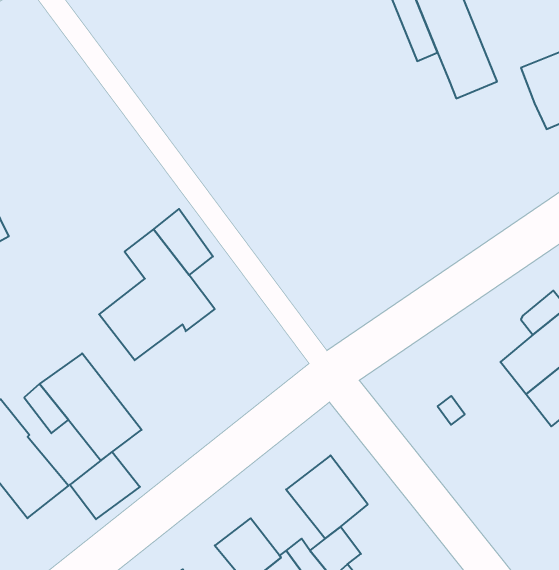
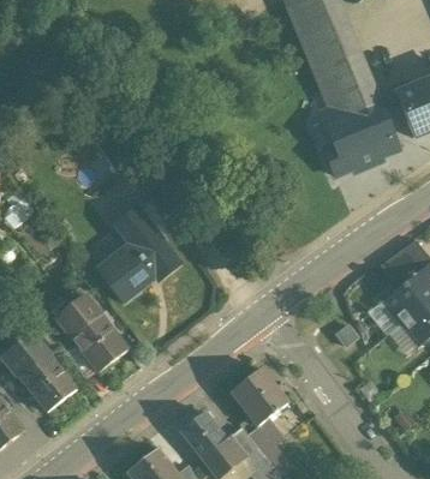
building: none -> [321,96,405,175]
building: [70,452,140,519] -> none

